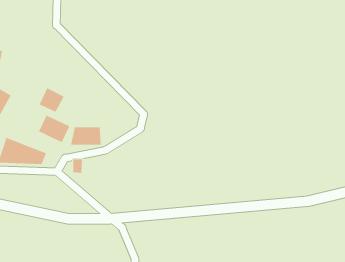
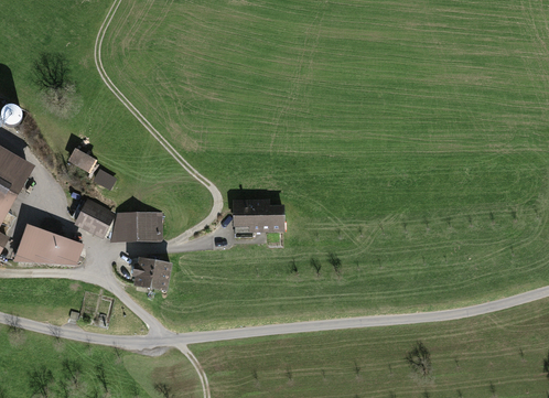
building: none -> [236,201,288,235]
building: none -> [132,255,170,288]

